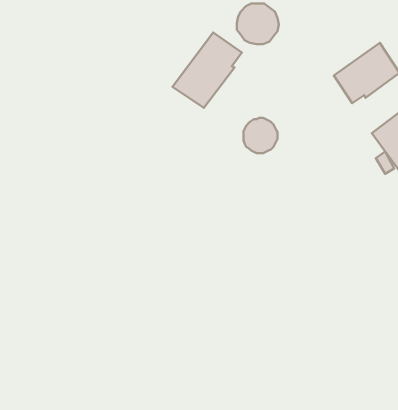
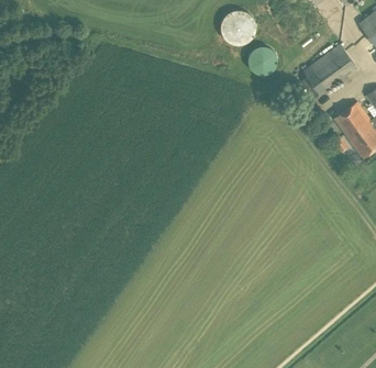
building: [173,33,242,108] -> none
building: [243,118,278,153] -> [247,46,276,76]

